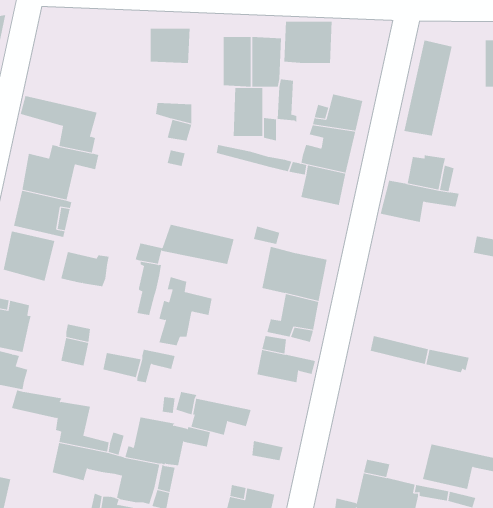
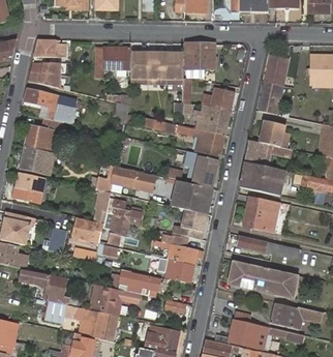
building: none -> [34,38,66,56]
building: none -> [29,61,62,87]
building: [233,87,263,136] -> [129,52,148,82]
building: none -> [184,151,218,188]
building: none -> [241,160,284,183]
building: [60,251,110,287] -> [73,219,103,241]
building: none -> [245,196,274,230]
building: none -> [166,260,194,282]
building: none -> [229,260,297,297]

